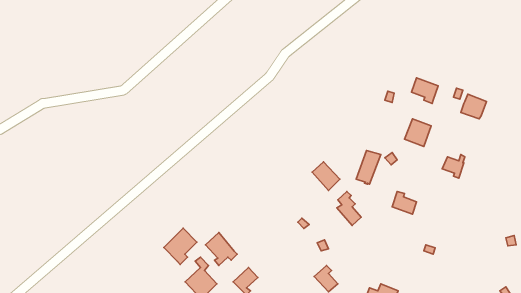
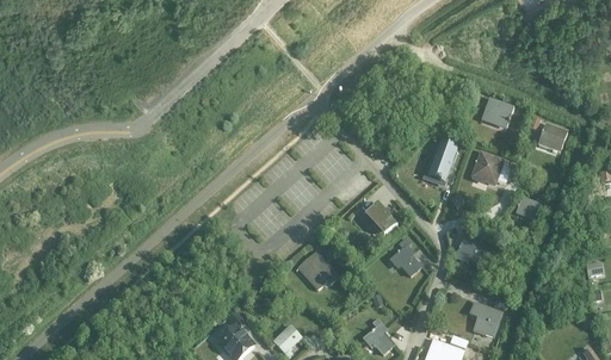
building: [356,150,381,184] -> [427,141,456,180]
building: [164,228,197,265] -> none
building: [205,233,237,265] -> [301,250,338,288]
building: none -> [470,302,501,335]

